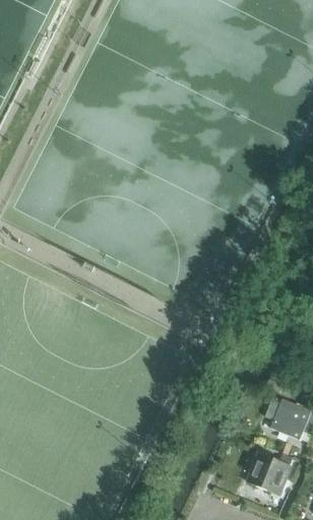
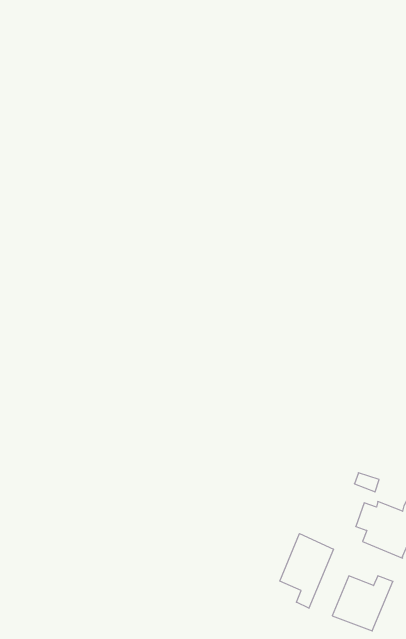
building: none -> [280,534,333,608]

